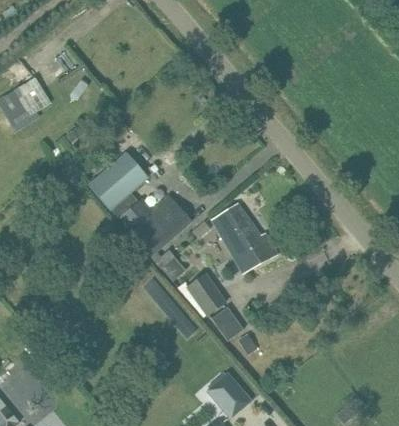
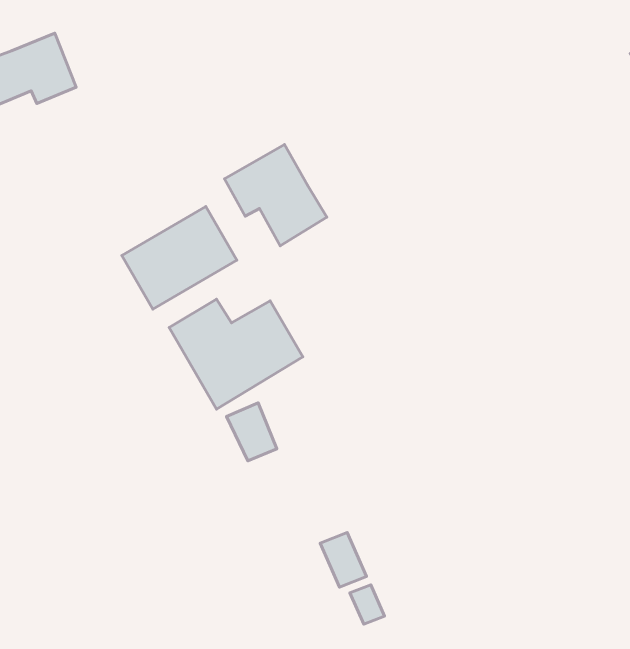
building: none -> [225,144,327,246]
building: [210,202,277,272] -> none
building: [189,271,229,313] -> none

